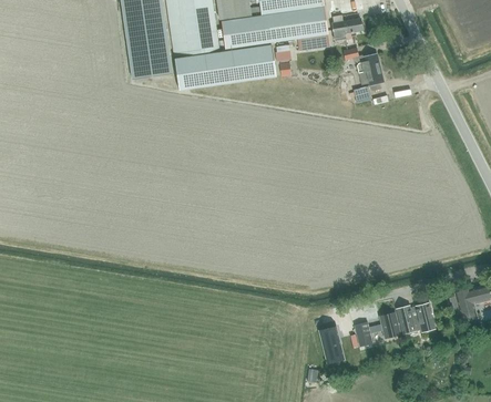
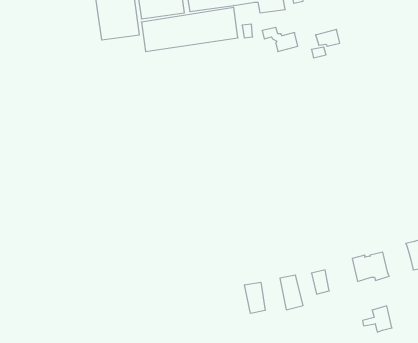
building: [342,48,380,73] -> [262,27,298,52]
building: [369,311,400,339] -> [363,306,392,332]
building: none -> [245,282,265,313]

